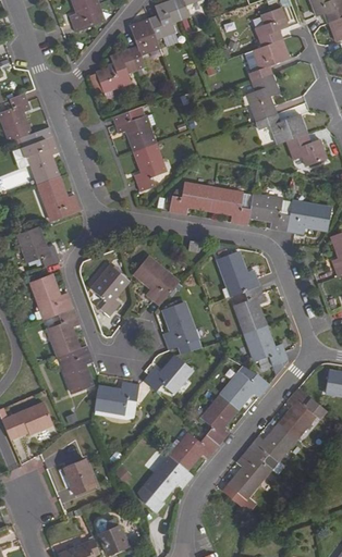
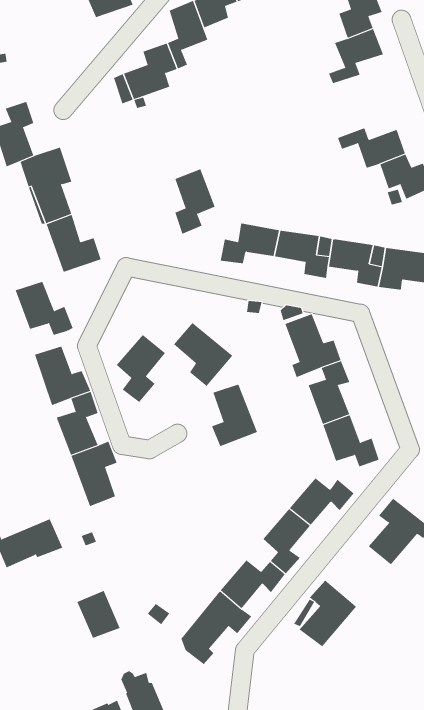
building: [246,73,280,120] -> none
building: [113,106,155,150] -> none
building: [143,356,192,393] -> none
building: [94,382,139,413] -> none
building: [247,423,296,468] -> none

